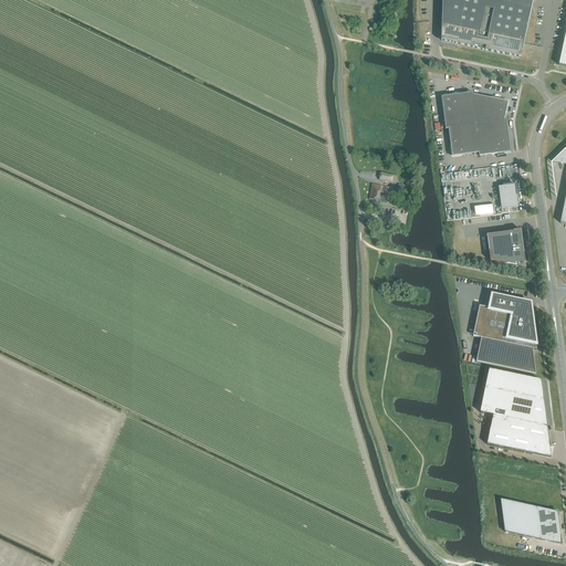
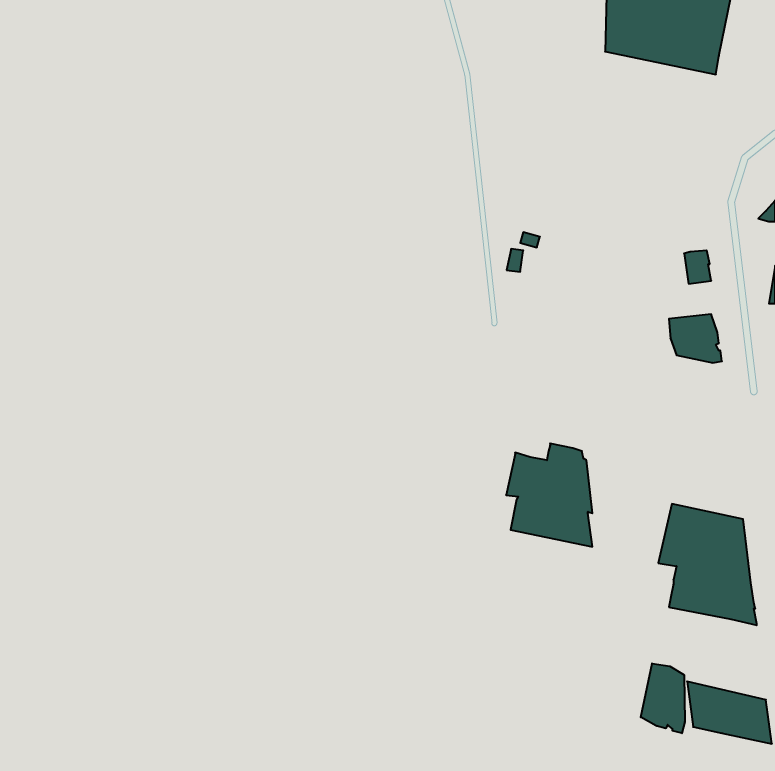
building: [442,91,510,154] -> none
building: [473,296,536,371] -> [506,443,592,547]
building: none -> [641,663,685,733]

